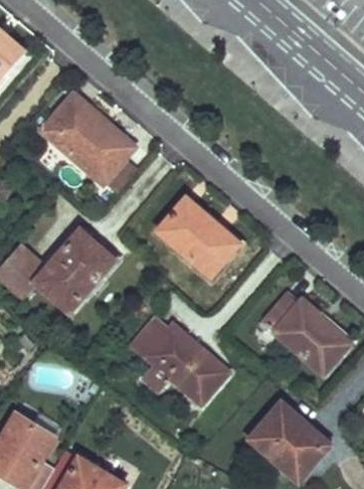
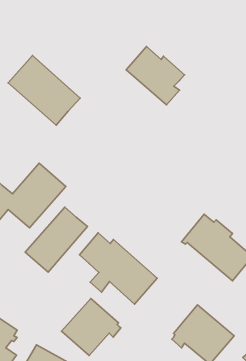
building: [160,202,232,275] -> [126,46,184,105]
building: none -> [25,207,87,272]
building: none -> [62,298,121,356]

